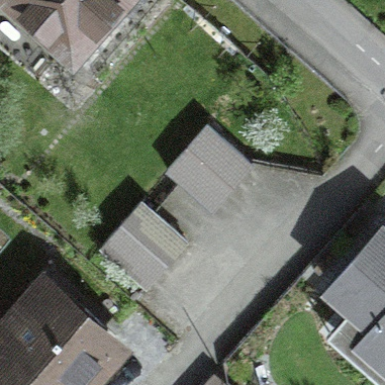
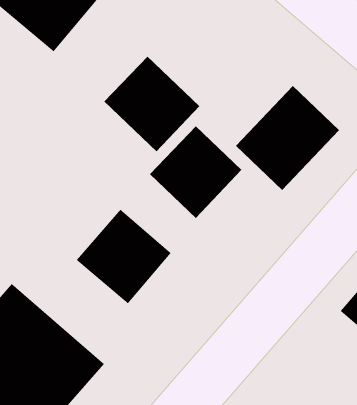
building: none -> [104,56,200,152]
building: none -> [235,85,340,191]

